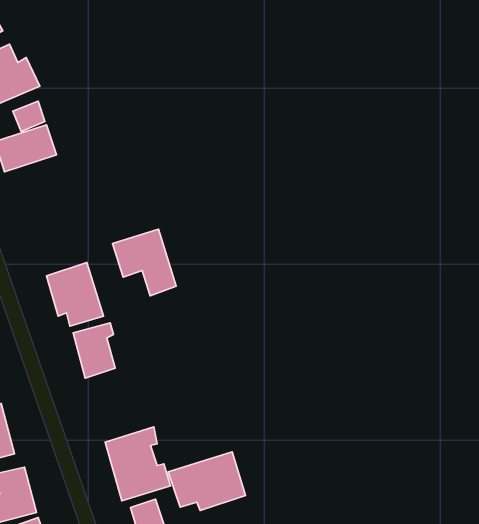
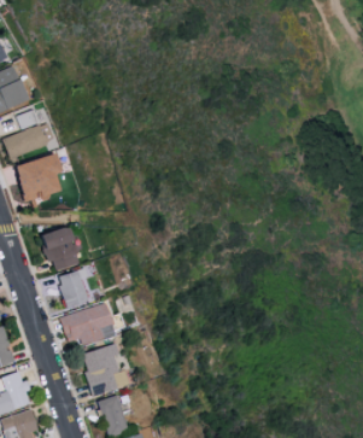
building: none -> [11,152,57,203]
building: [112,229,176,296] -> none
building: [168,452,246,510] -> [58,303,113,345]

